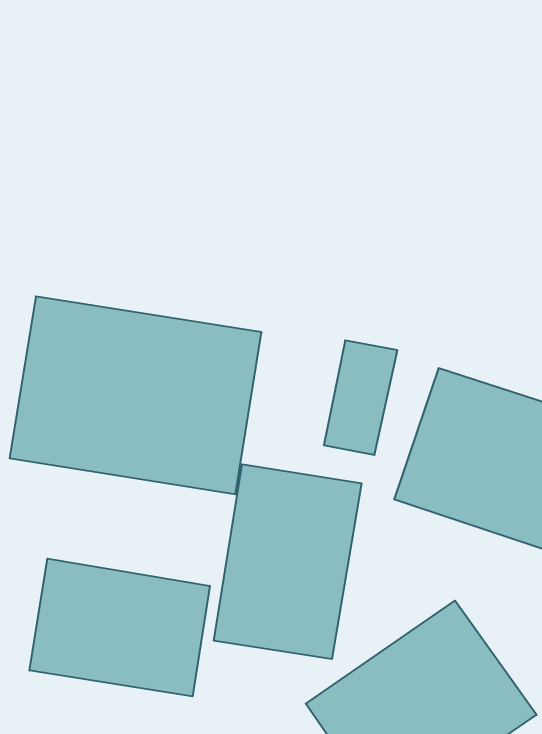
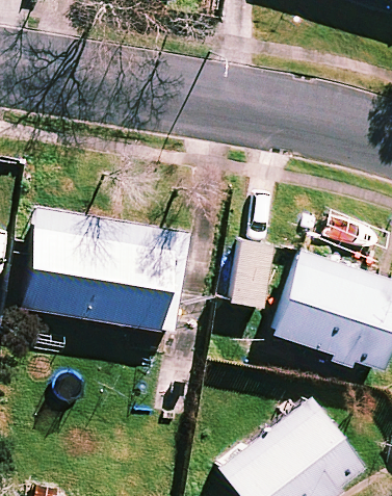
building: [214,464,361,659] -> none
building: [30,559,210,696] -> none

